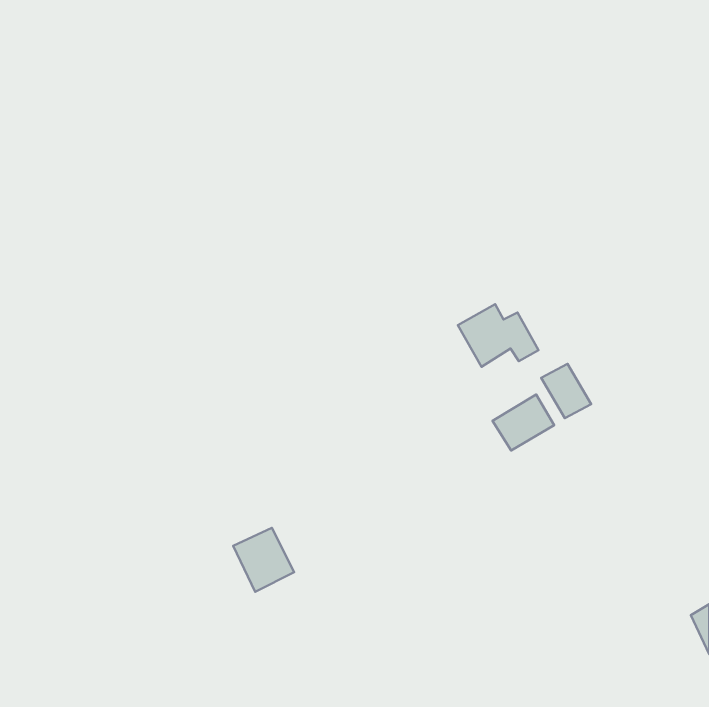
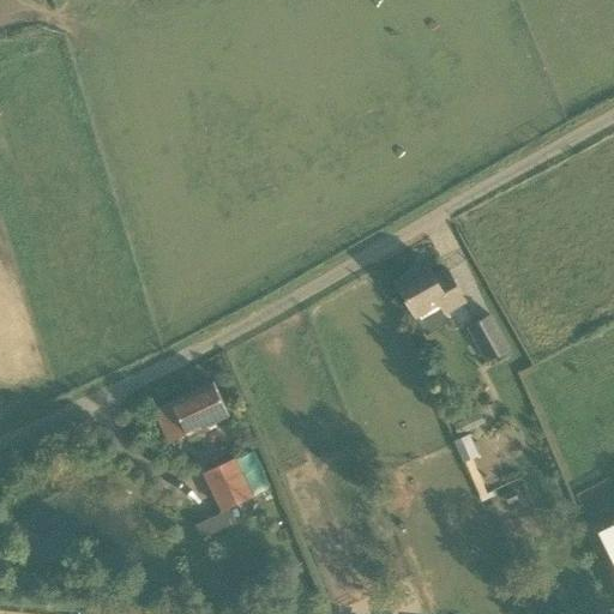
building: [492,395,554,450] -> none
building: none -> [155,383,231,443]

